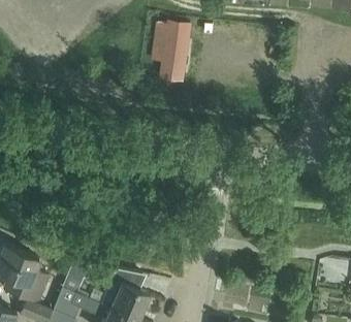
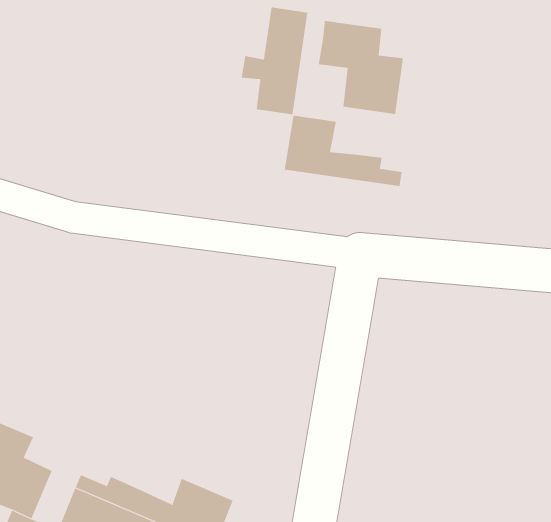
building: none -> [318,20,404,115]
building: none -> [284,115,402,187]

